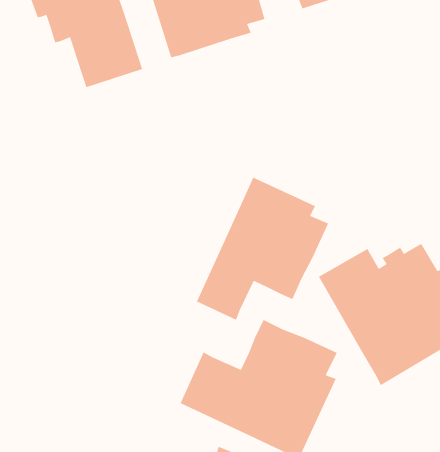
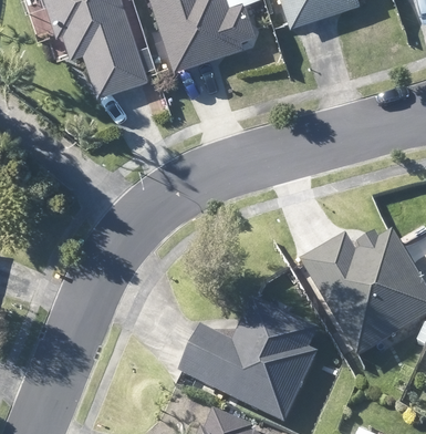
building: [196,177,329,321] -> none

